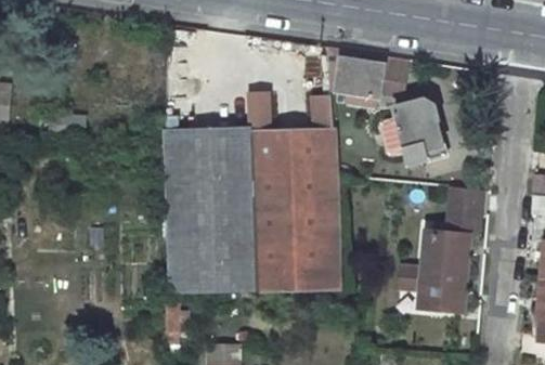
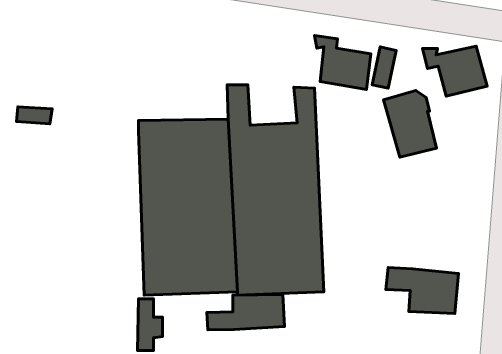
building: none -> [423,46,487,96]
building: [423,186,483,272] -> none
building: none -> [207,294,284,330]

